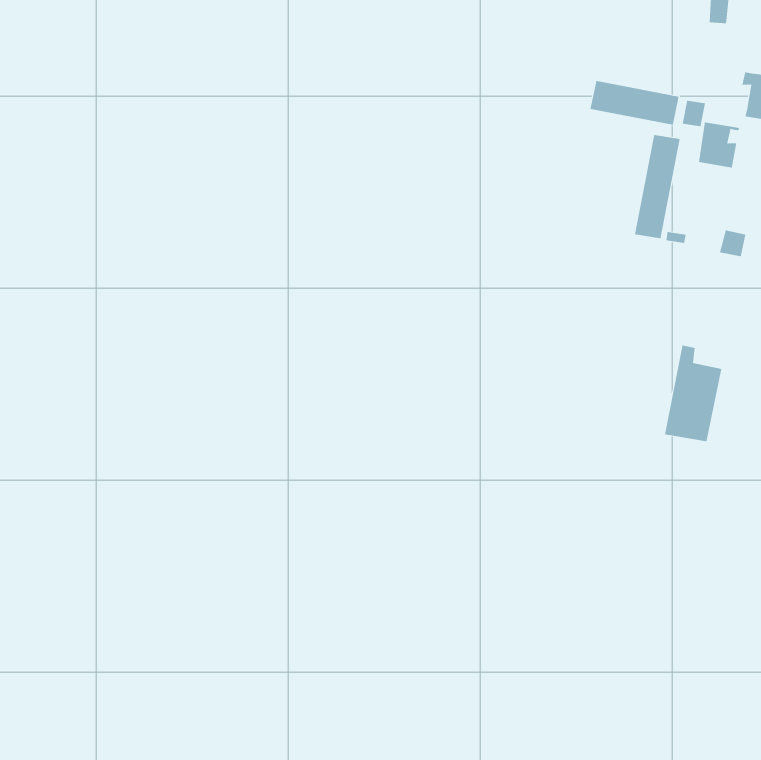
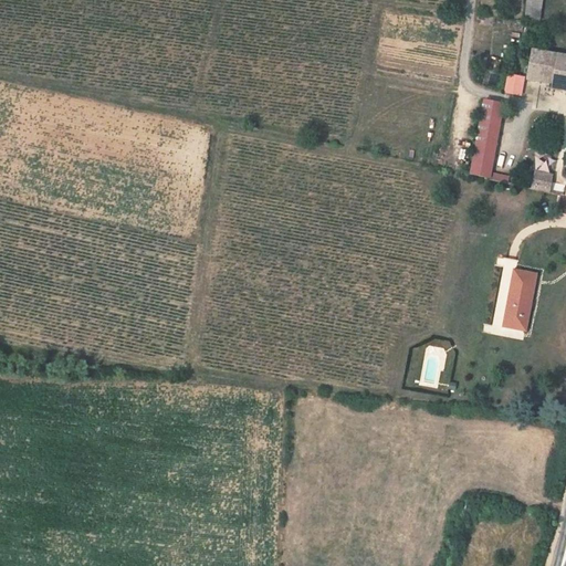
building: [590,80,679,125] -> none
building: [698,122,740,168] -> [528,48,559,82]

